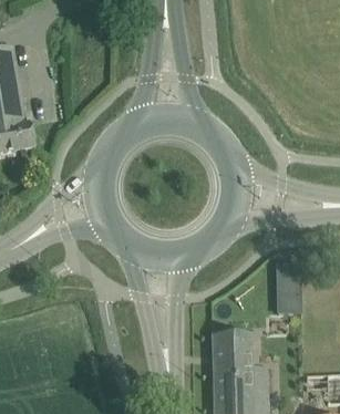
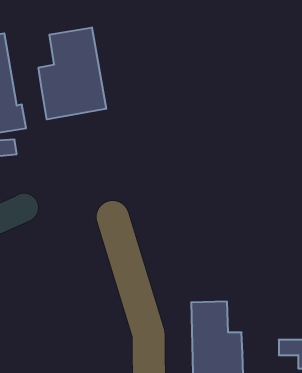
building: none -> [39,27,106,119]
building: [276,262,300,311] -> none

